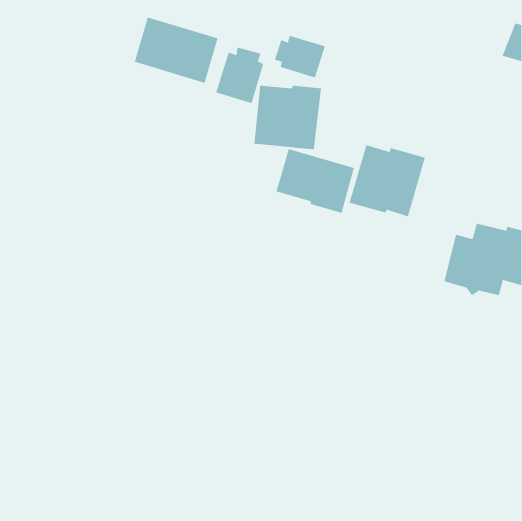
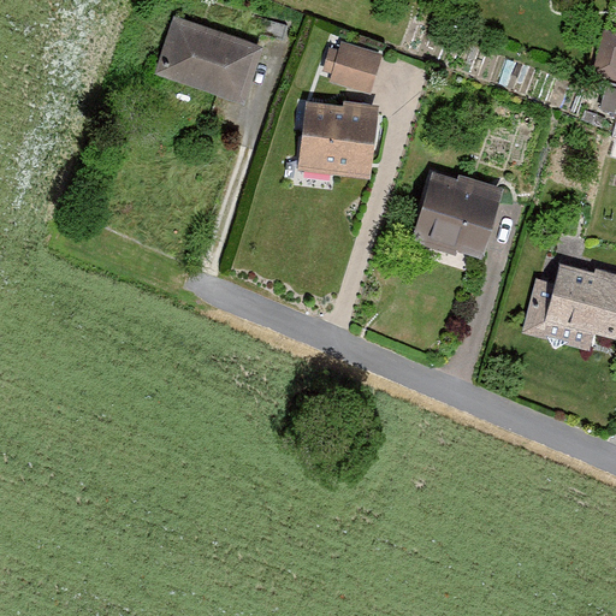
building: [215,46,264,104] -> none
building: [275,148,355,214] -> none

